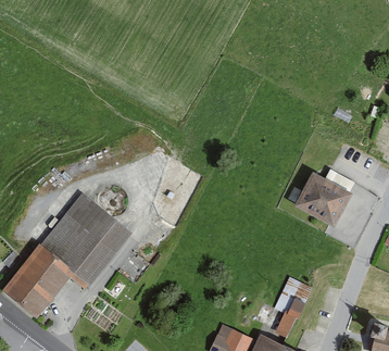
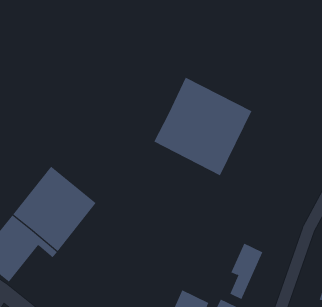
building: none -> [154,77,252,176]
building: [297,172,354,227] -> none

